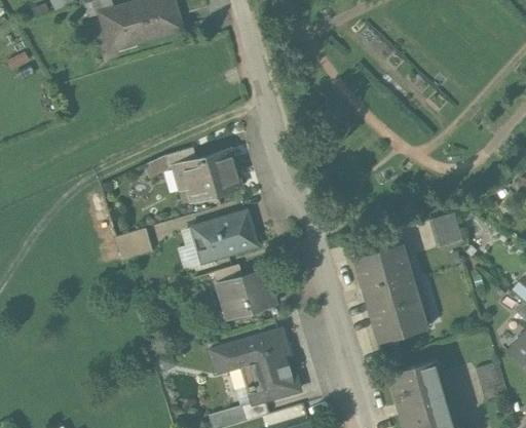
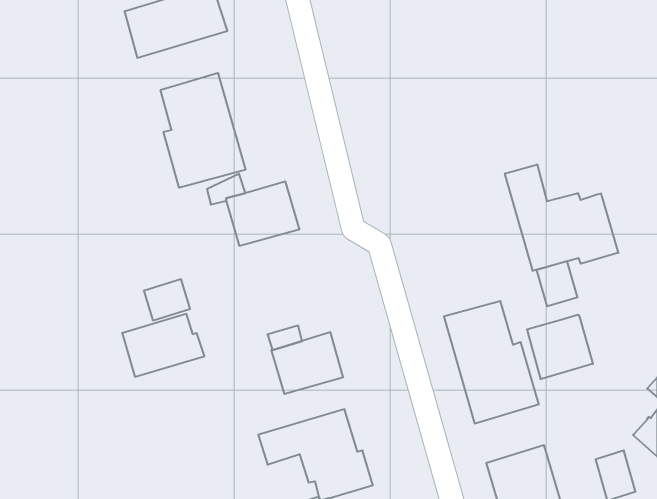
building: none -> [161,73,245,188]
building: none -> [505,164,618,271]
building: [191,211,257,262] -> [122,314,204,377]
building: none -> [527,315,593,379]

